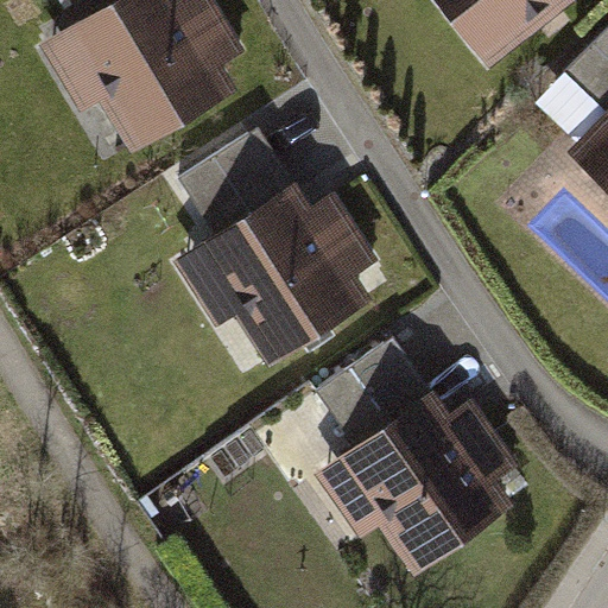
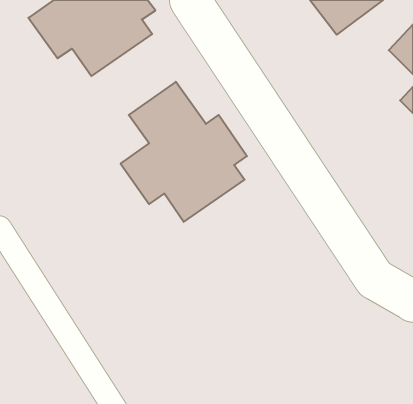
building: [325,354,511,574] -> none

